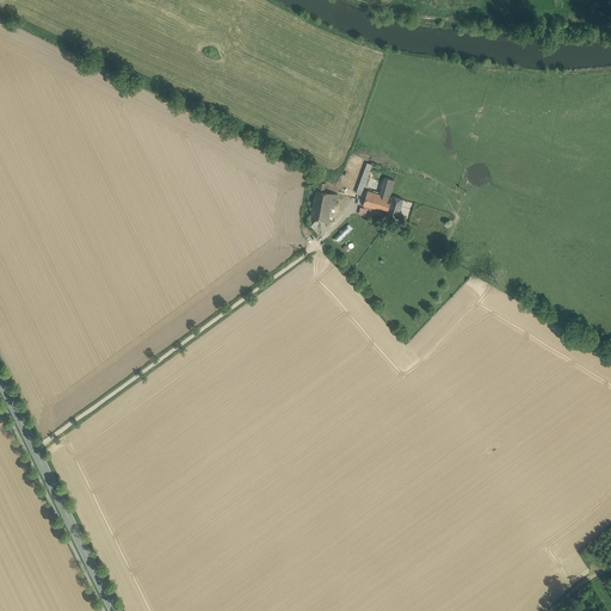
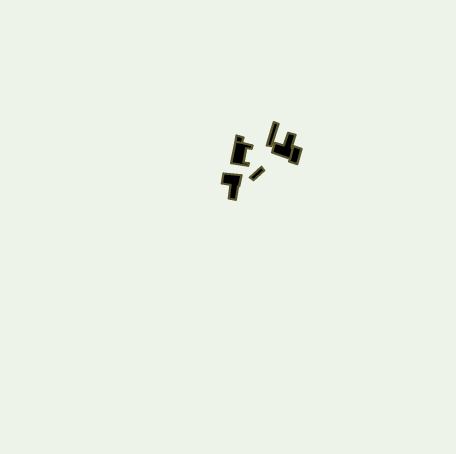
building: none -> [222,173,241,200]

